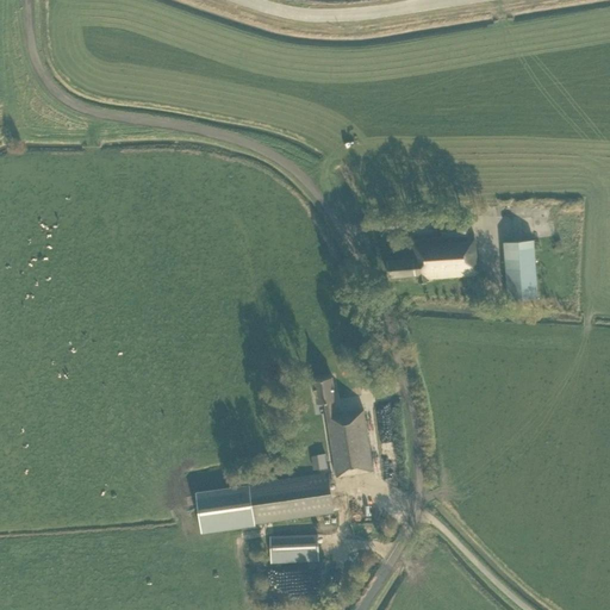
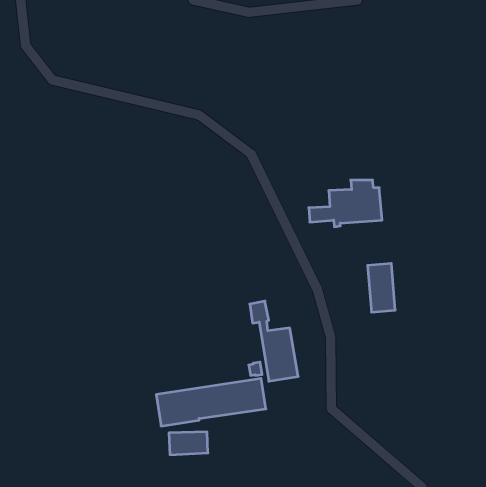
building: [503,239,537,300] -> [368,263,395,312]
building: [269,535,318,564] -> [169,432,208,455]

